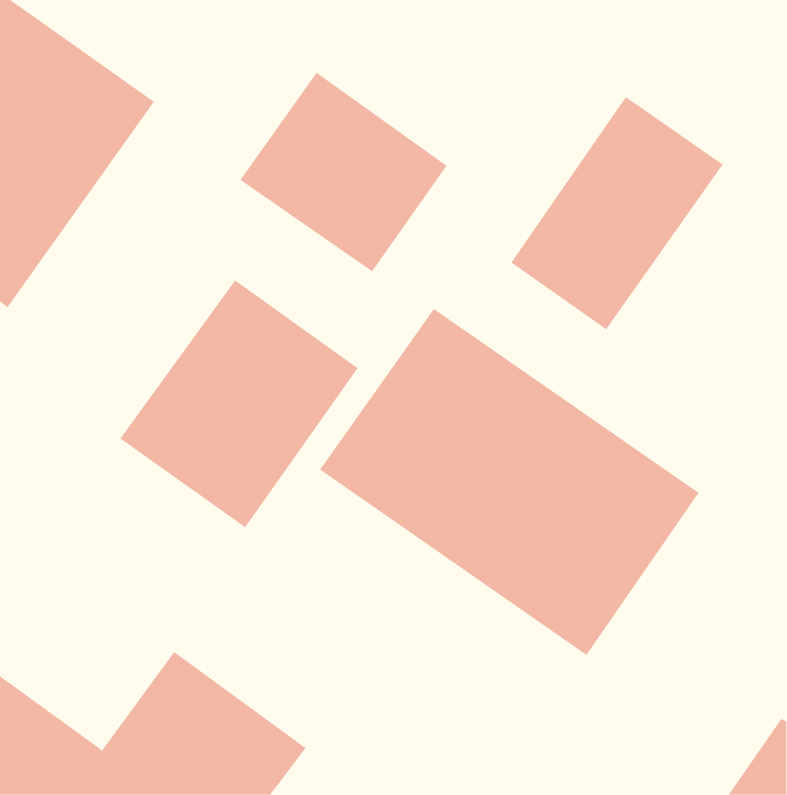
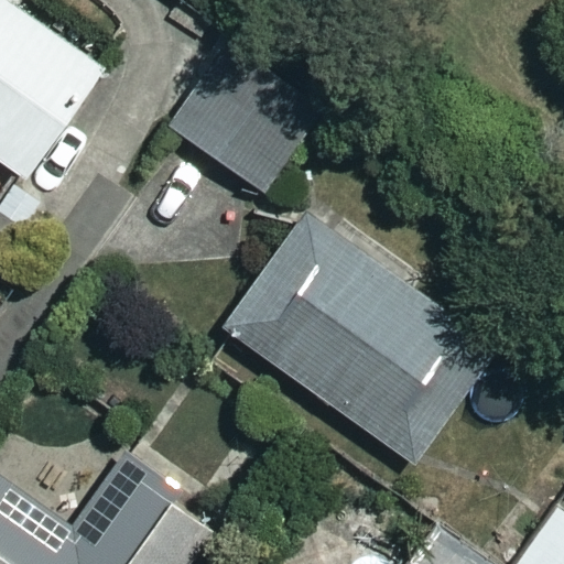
building: [510,96,723,330] -> none
building: [119,280,359,528] -> none

